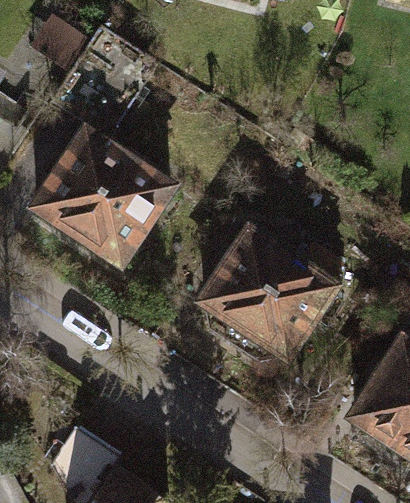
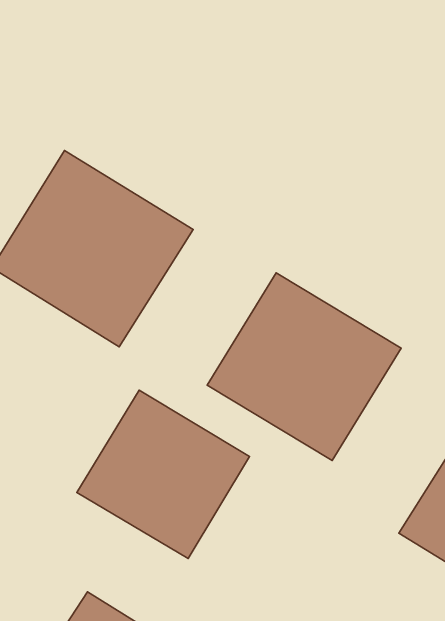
building: none -> [77,390,250,558]

